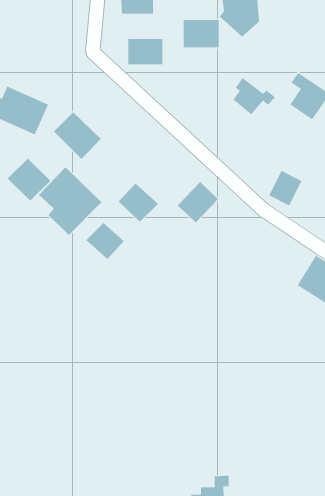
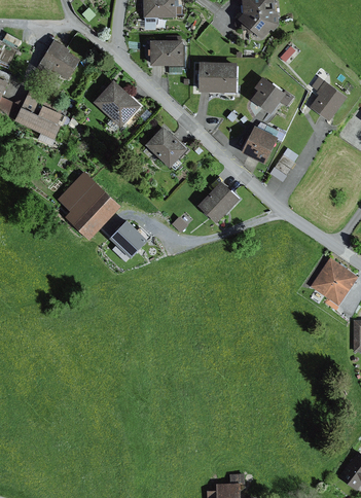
building: [183,19,219,48] -> [198,64,234,92]
building: none -> [41,39,83,79]
building: [53,111,101,160] -> [94,81,141,129]
building: [7,158,51,202] -> none
building: [269,170,302,206] -> [242,129,275,164]
building: [118,183,159,223] -> [145,128,185,167]

